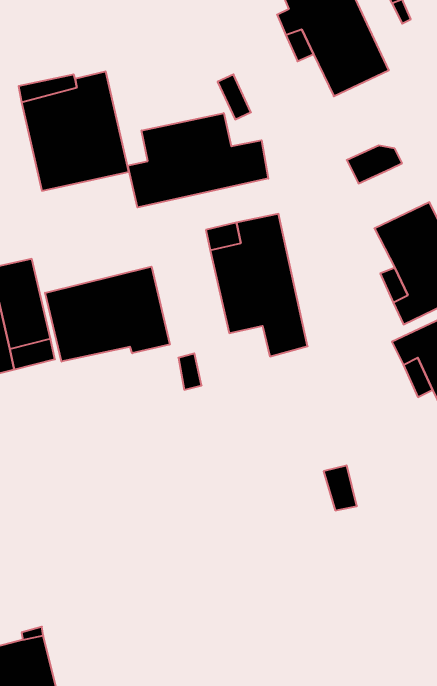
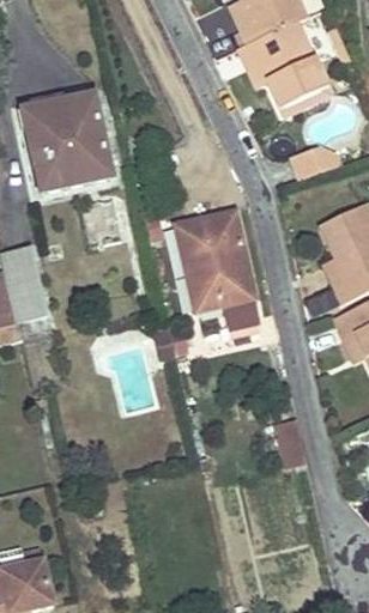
building: [128,113,268,207] -> none
building: [45,267,170,362] -> none

